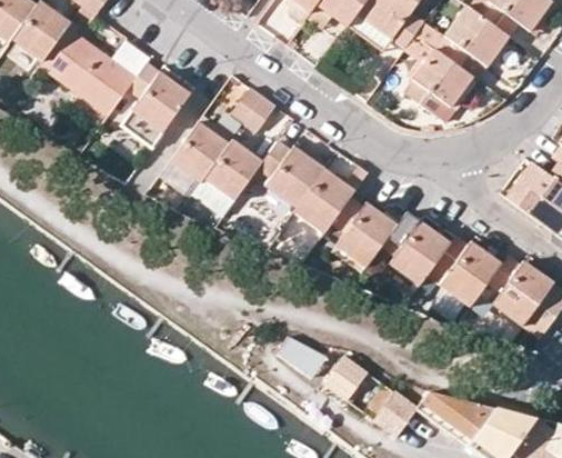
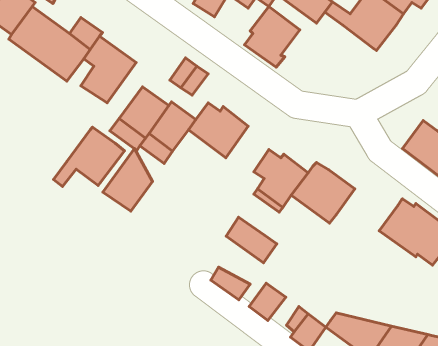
building: [408,49,473,121] -> [245,6,300,67]
building: [295,169,354,232] -> none
building: none -> [54,127,124,186]
building: none -> [103,149,153,211]
building: [429,236,502,306] -> none
building: none -> [226,217,277,263]

